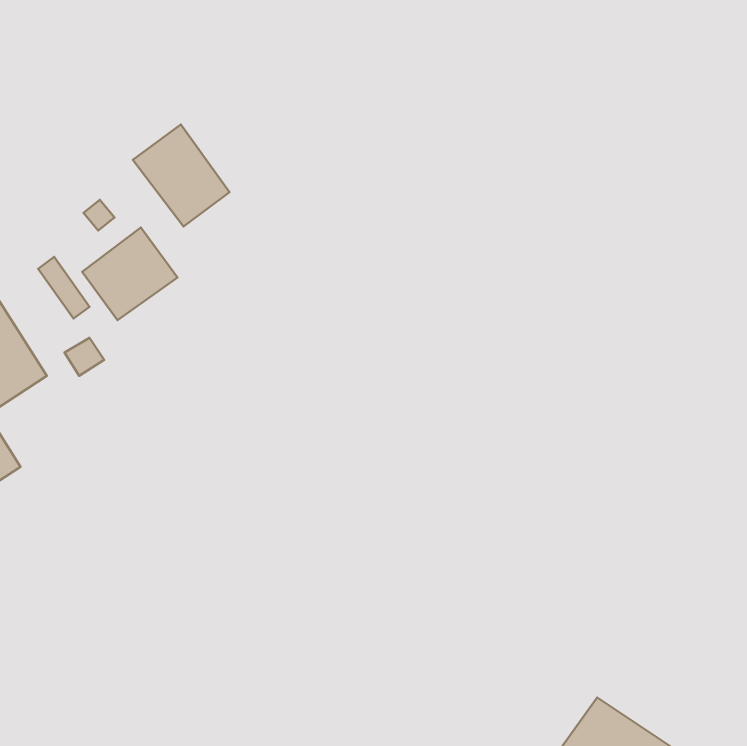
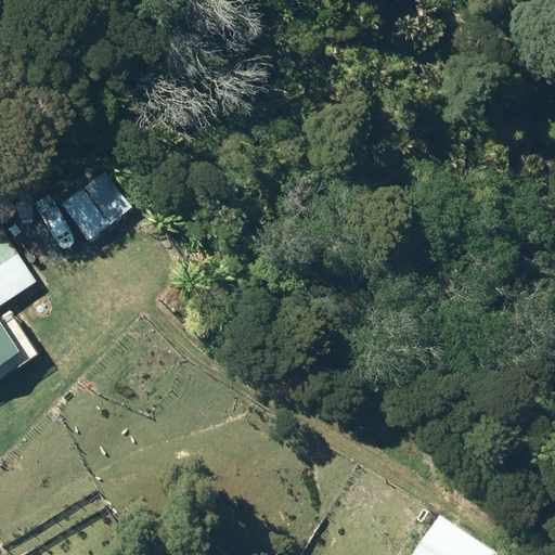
building: [133,124,230,226] -> none

